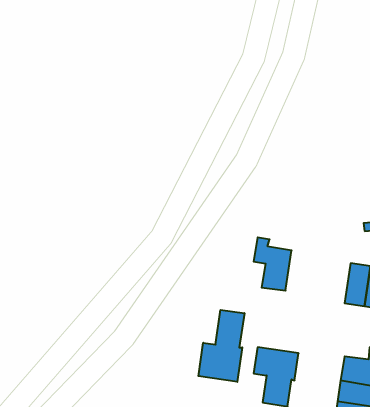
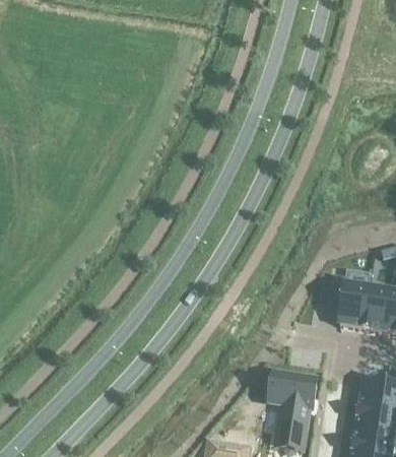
building: [254,237,292,291] -> [328,273,367,327]
building: [198,310,244,382] -> none

